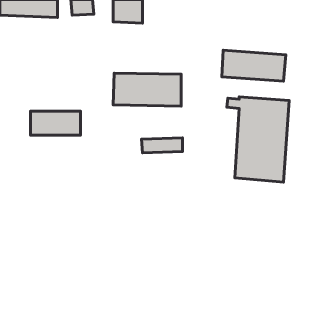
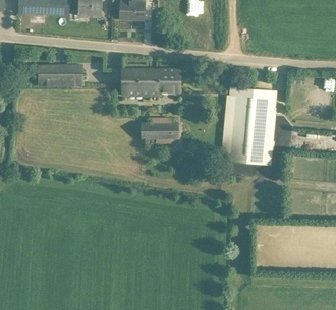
building: [222,50,286,81] -> none
building: [30,111,81,135] -> [39,69,83,90]

